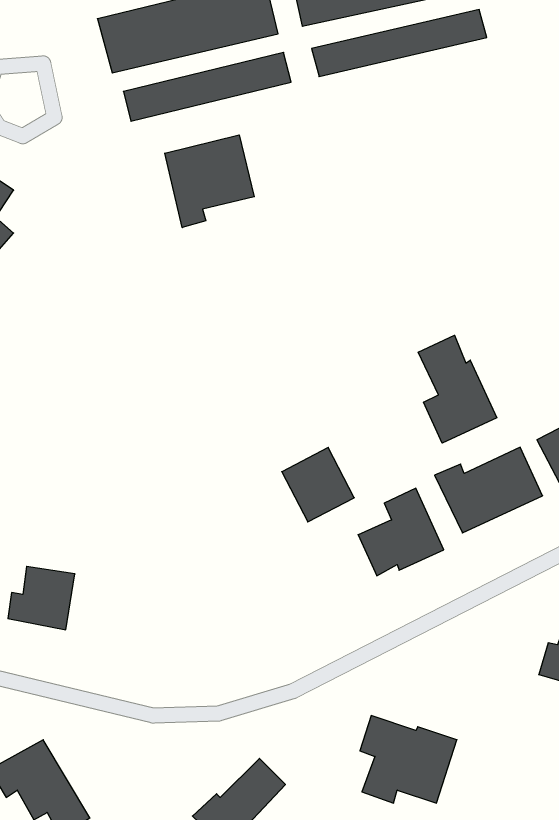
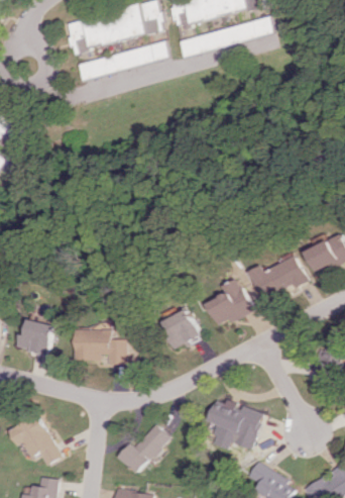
building: [165,135,254,228] -> none
building: [418,335,497,443] -> none
building: [282,447,354,522] -> [163,309,203,350]
building: none -> [77,329,127,365]

